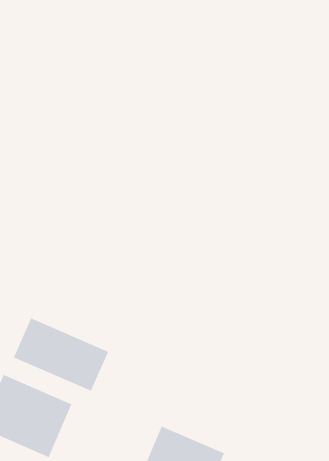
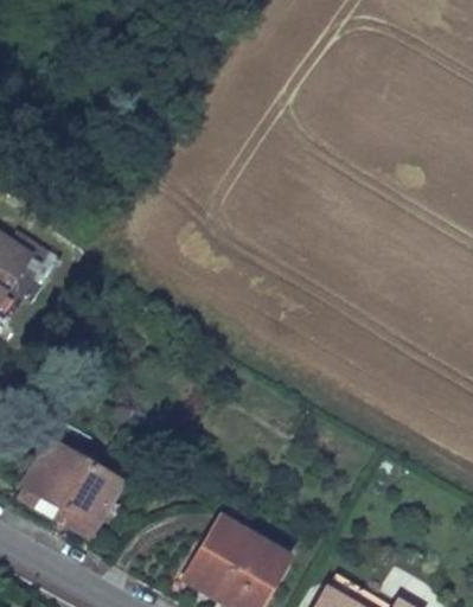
building: [13,318,109,392] -> none

